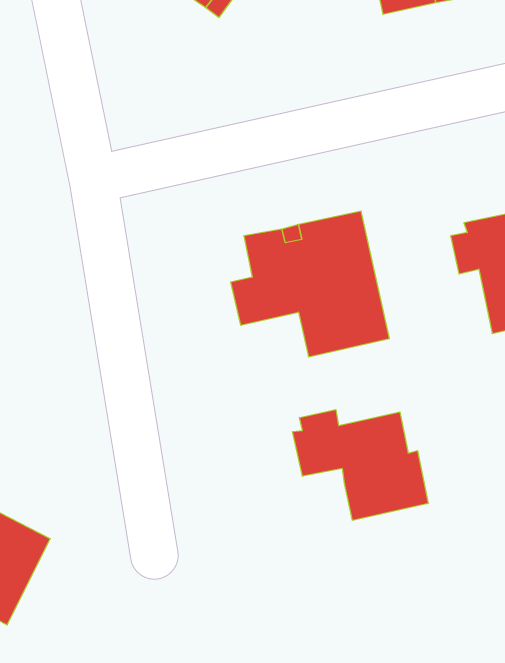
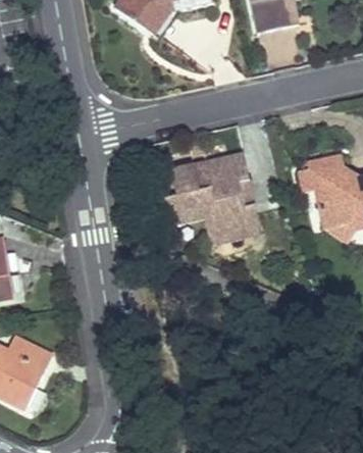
building: [292,410,428,520] -> none

